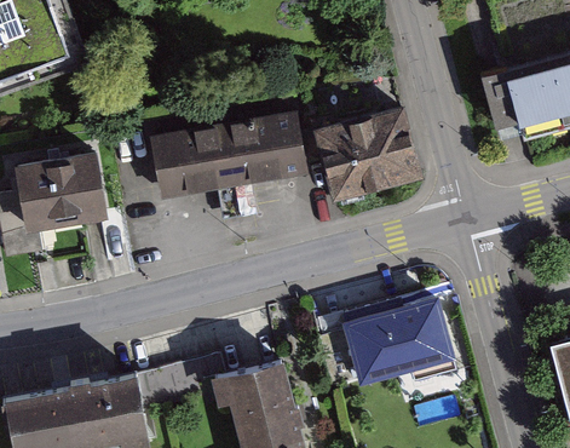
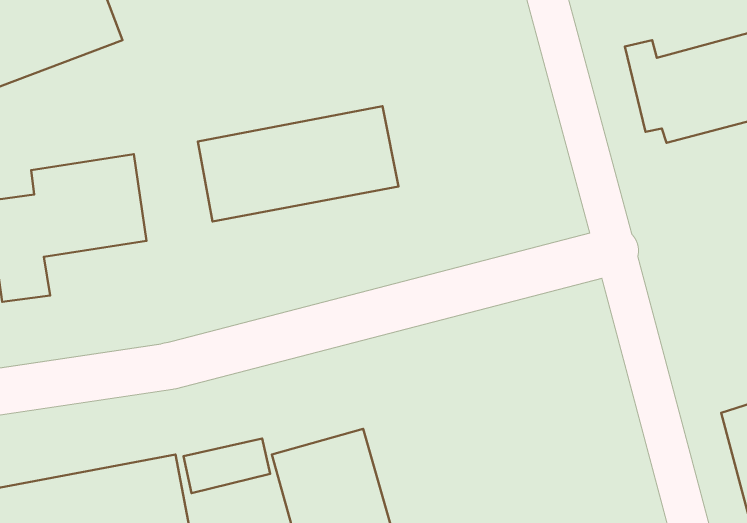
building: [319,103,427,199] -> none
building: [342,294,473,389] -> none

